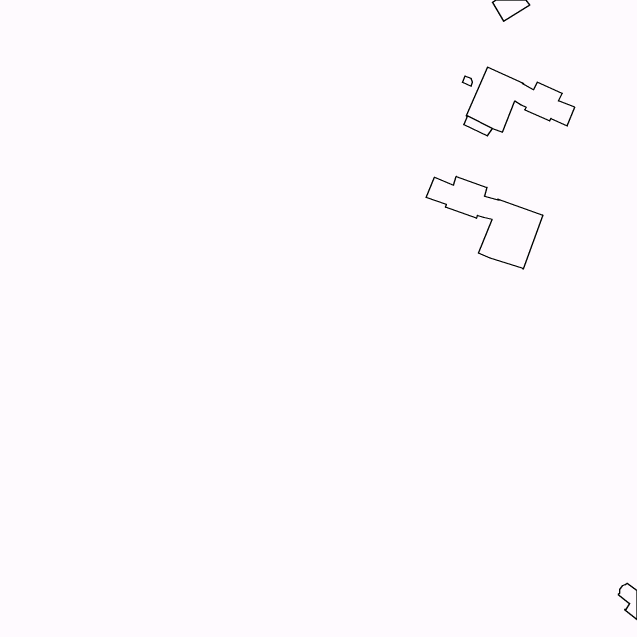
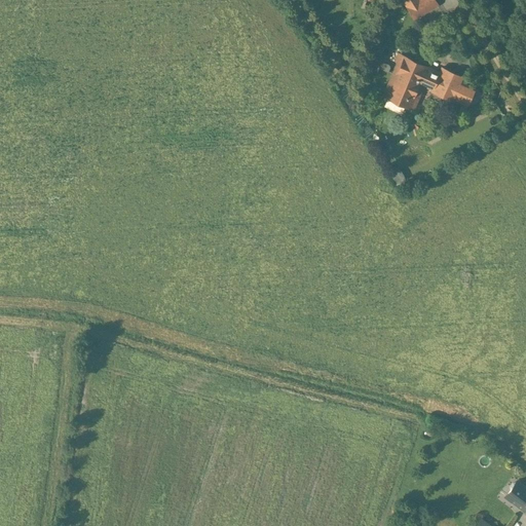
building: [426,176,543,269] -> none

